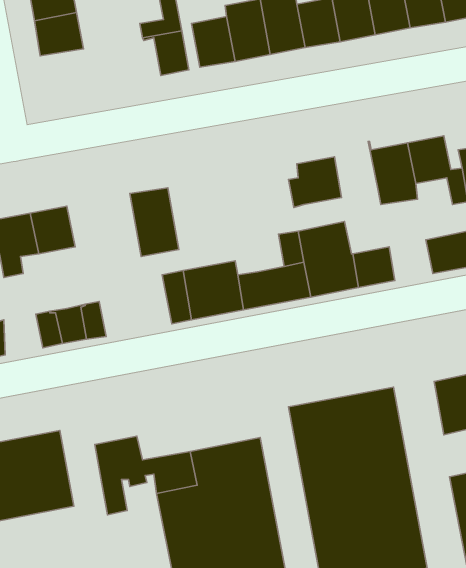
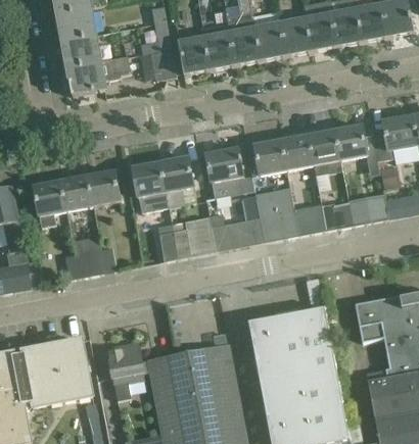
building: none -> [67,55,131,96]
building: none -> [282,129,314,169]
building: none -> [205,147,253,198]
building: none -> [160,156,196,207]
building: none -> [87,170,121,205]
building: none -> [322,200,354,230]

